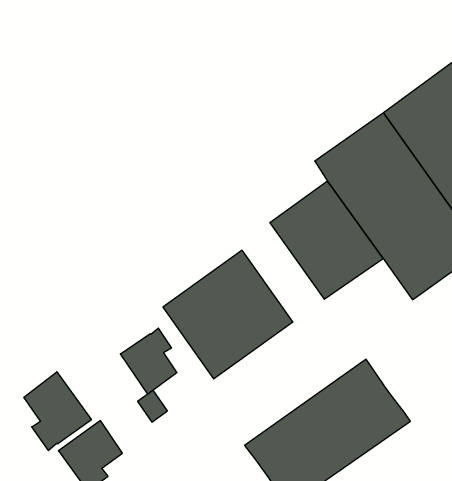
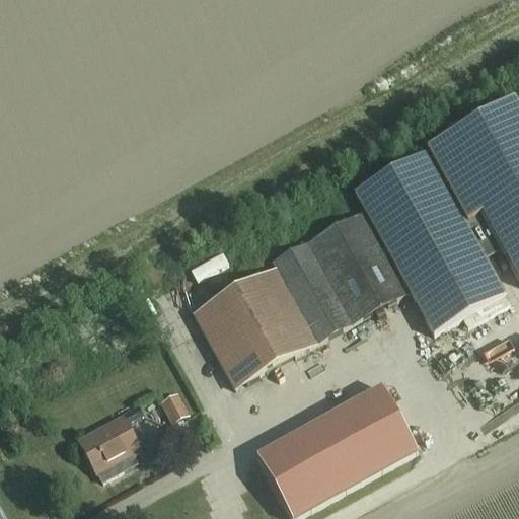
building: none -> [272,242,349,340]
building: [120,328,177,394] -> none
building: [24,372,91,451] -> none

